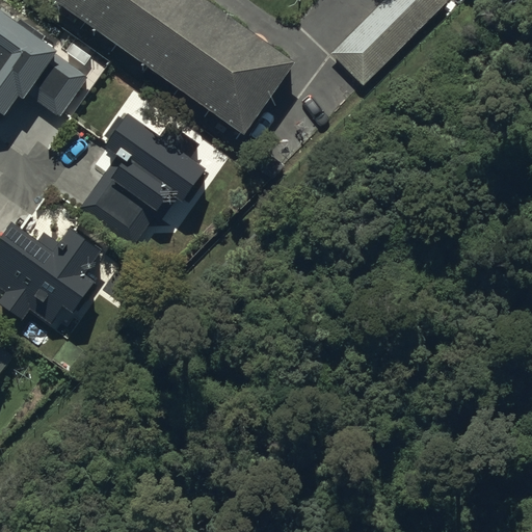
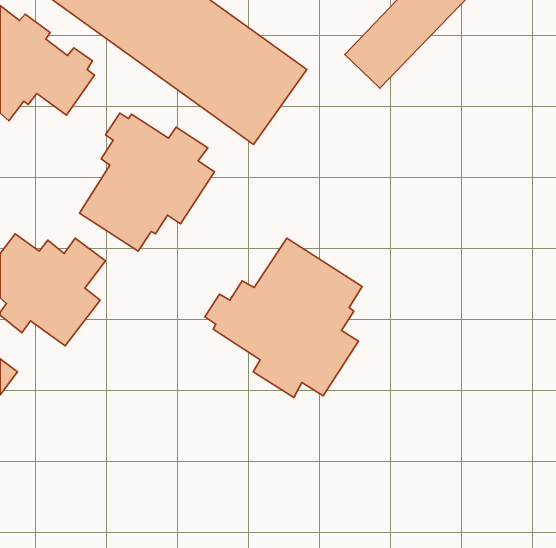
building: none -> [205,238,362,398]

